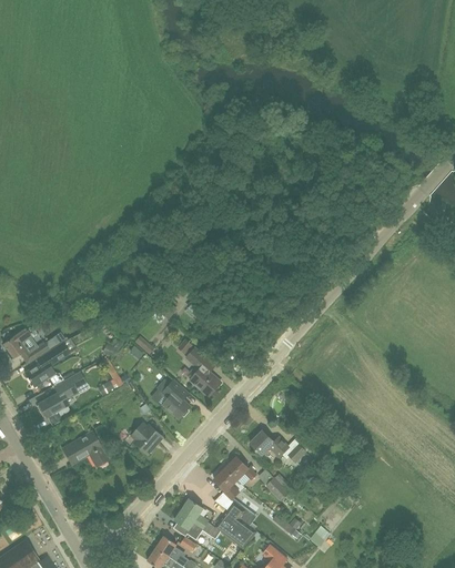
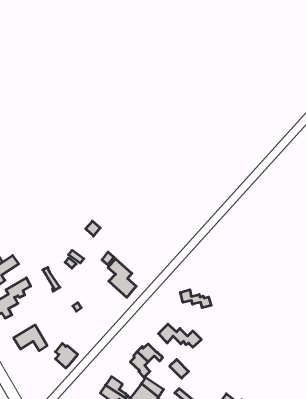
building: [162,378,190,418] -> none
building: none -> [180,290,211,308]
building: [133,422,162,454] -> [55,343,78,368]

